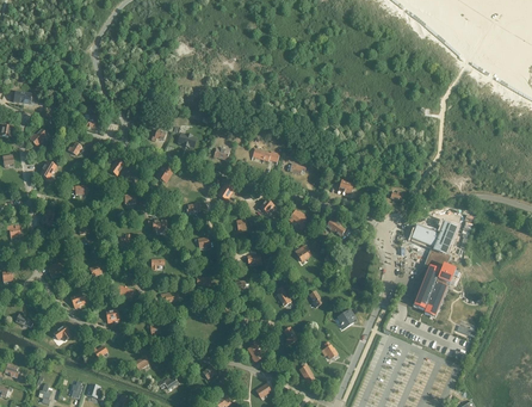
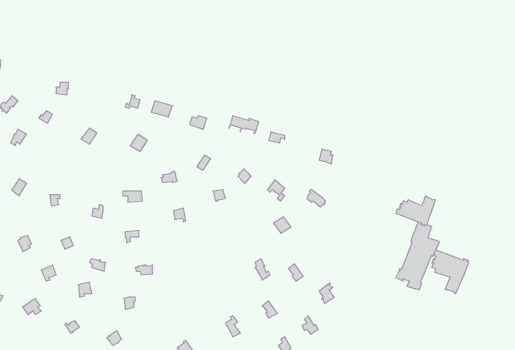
building: none -> [432,250,469,294]

